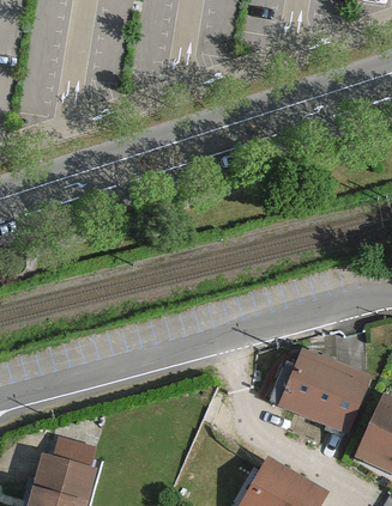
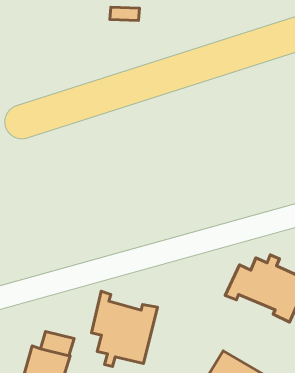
building: none -> [91,291,158,366]

